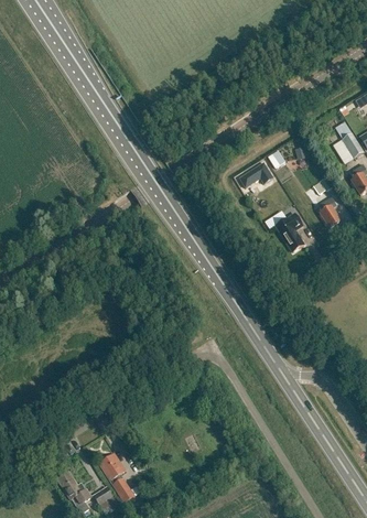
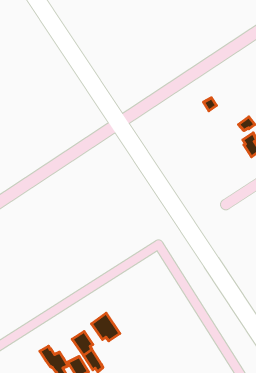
building: [235,158,273,188] -> none
building: [276,214,304,252] -> none
building: none -> [91,313,120,341]

